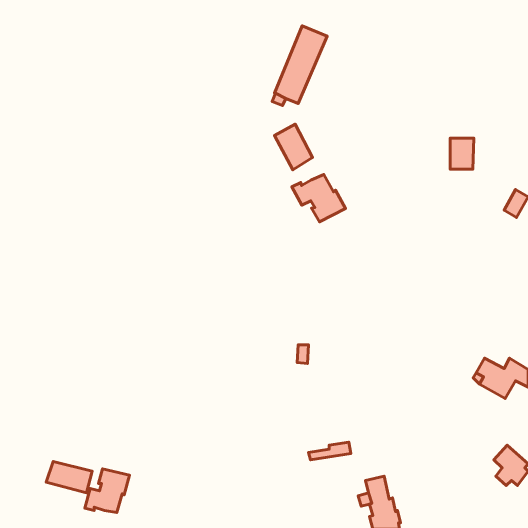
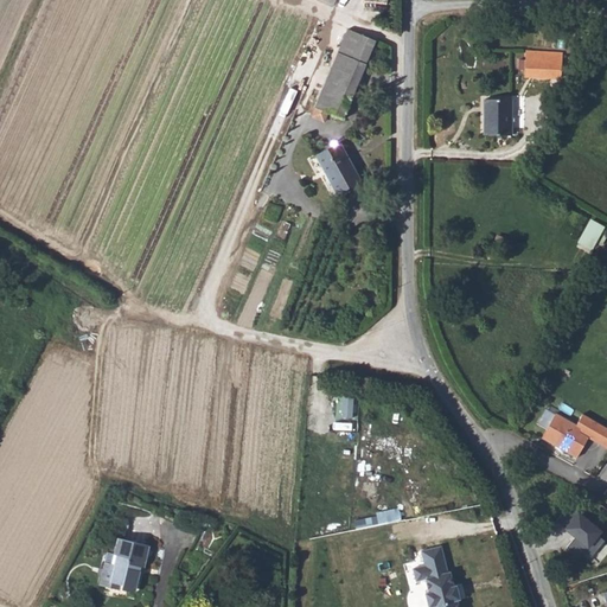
building: none -> [520,56,560,81]
building: [450,138,474,169] -> [485,98,512,134]
building: [292,174,345,222] -> none
building: [46,461,92,493] -> none

